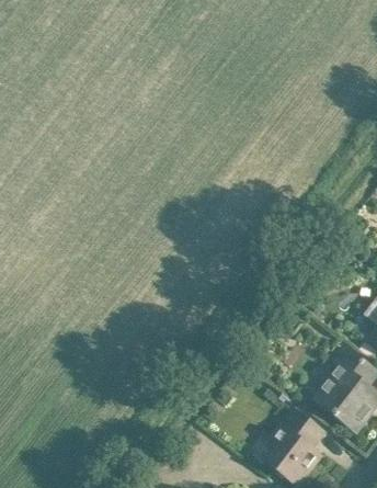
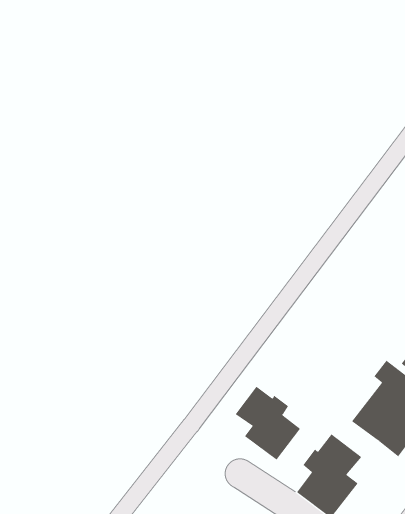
building: none -> [235,386,301,460]

